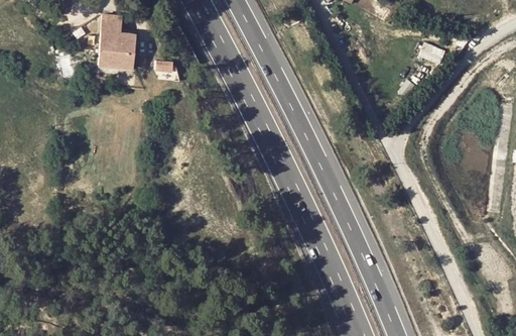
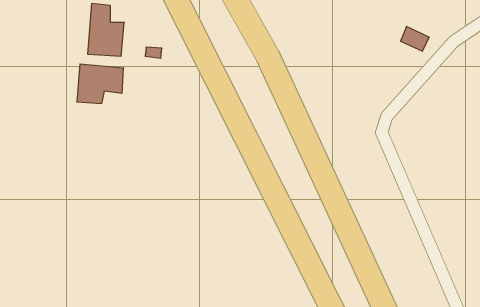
building: none -> [77,64,123,104]

